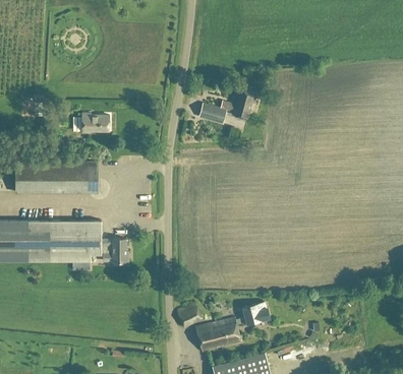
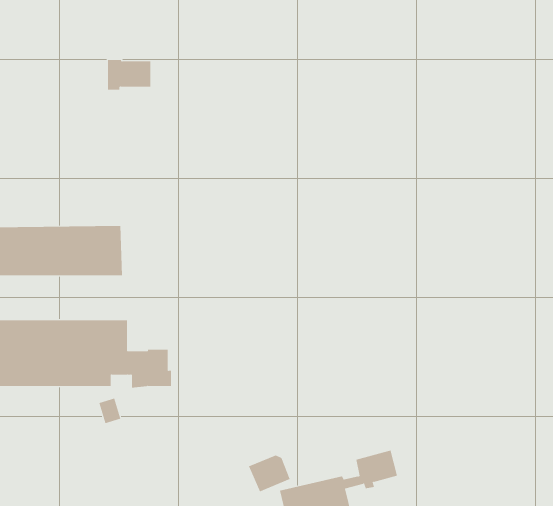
building: [198,88,255,124] -> none
building: [81,114,109,133] -> [107,59,151,90]

